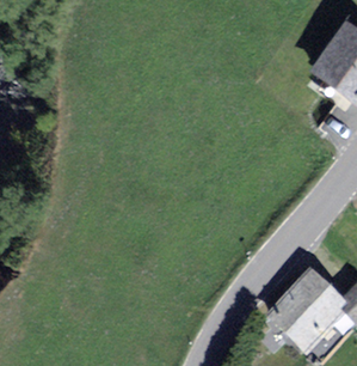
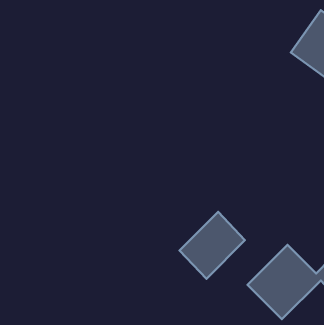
building: none -> [180,212,245,279]

